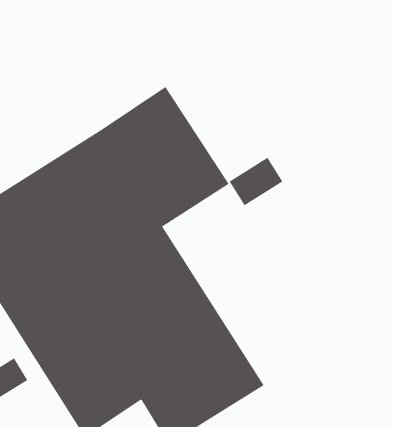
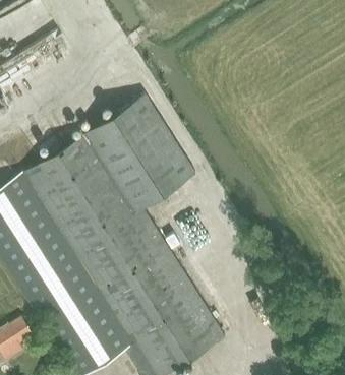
building: [229,157,283,206] -> none

